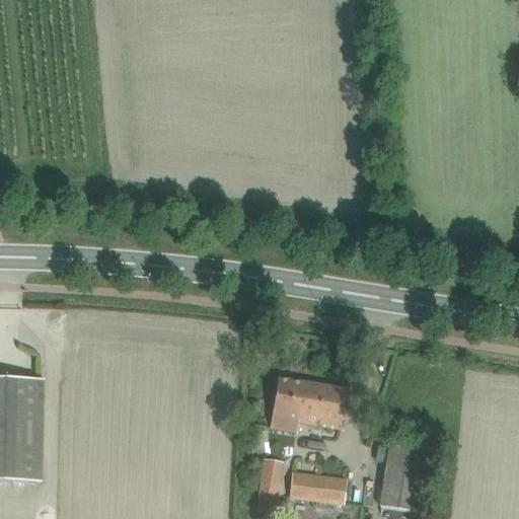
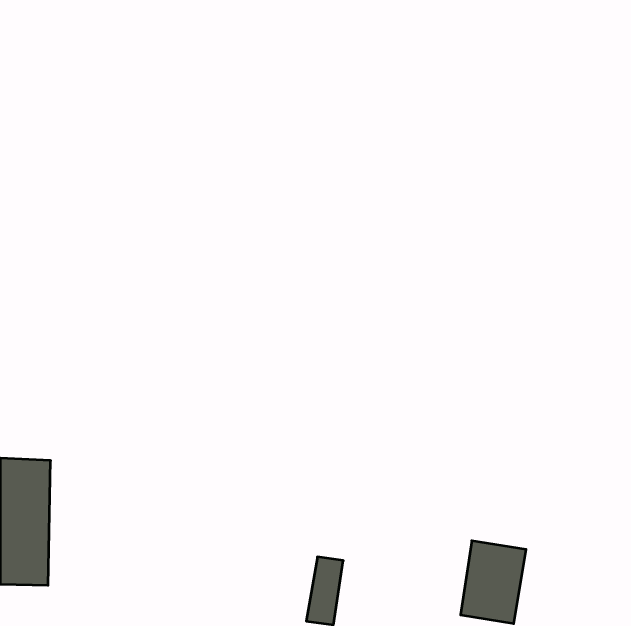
building: [270,377,346,430] -> none
building: [288,470,345,503] -> none

